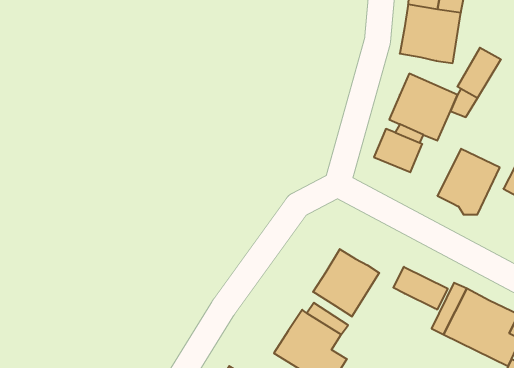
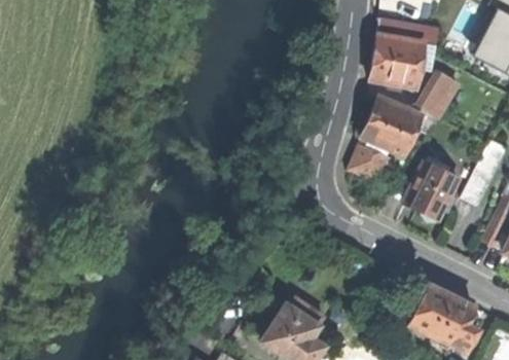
building: [313,249,379,317] -> none
building: [393,267,448,310] -> none

